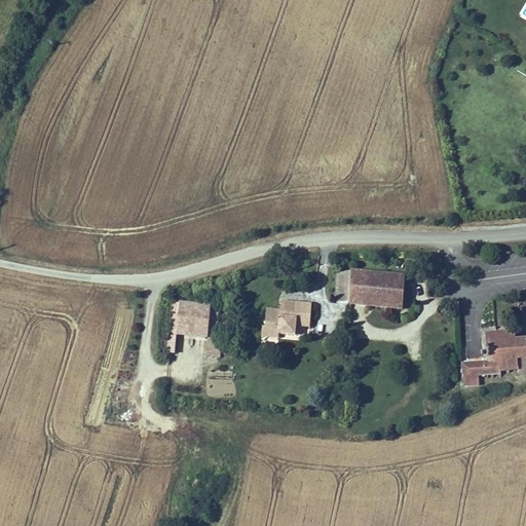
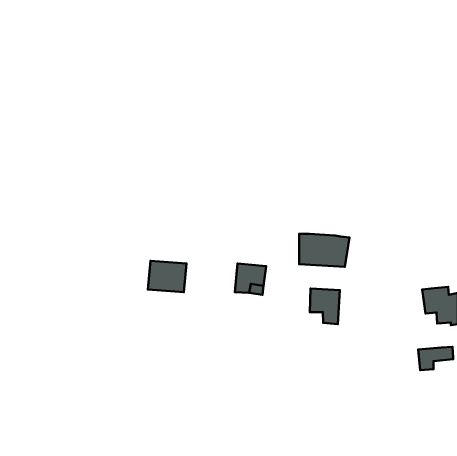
building: none -> [310,289,340,324]
building: [462,359,502,385] -> [418,347,453,370]

